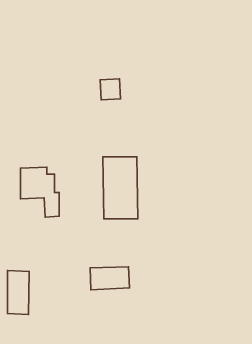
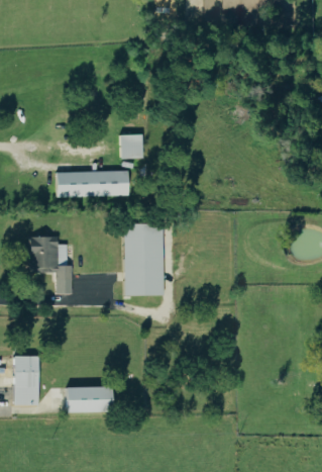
building: none -> [56,170,128,196]
building: [90,267,129,290] -> [65,386,110,412]

